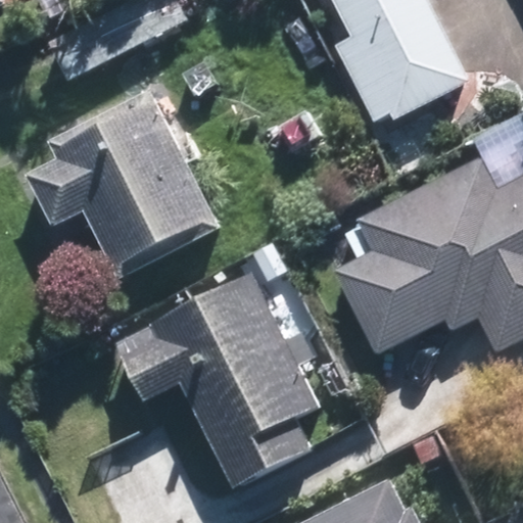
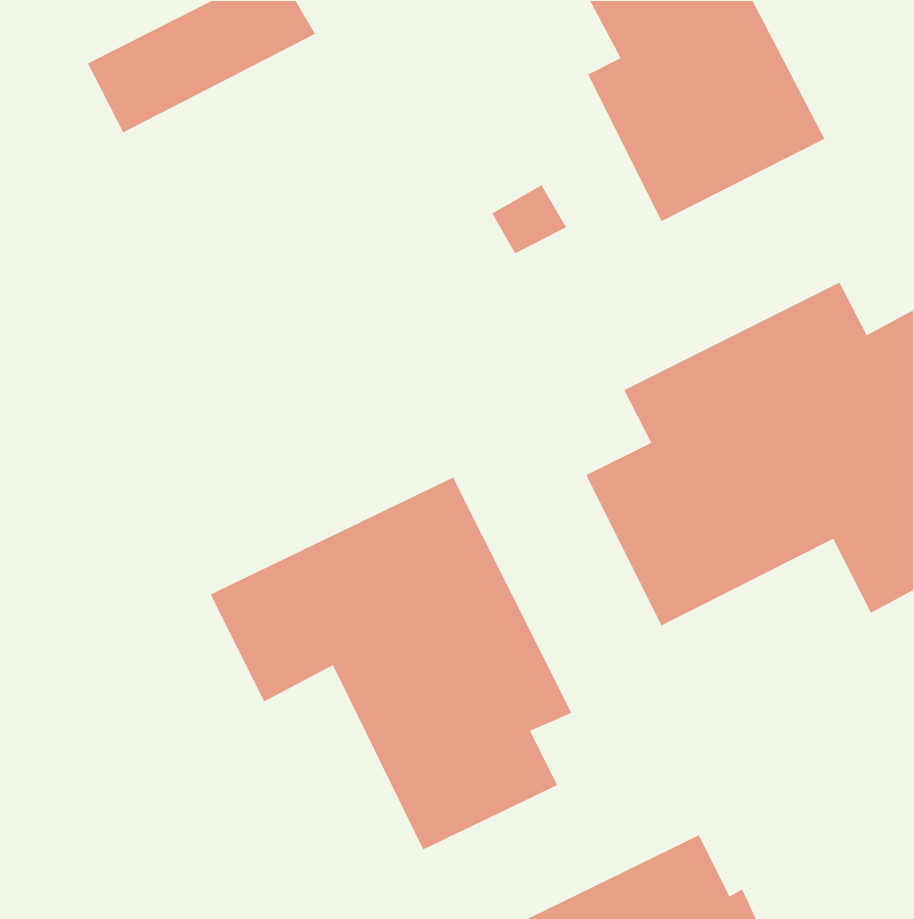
building: [31,88,225,276] -> none

